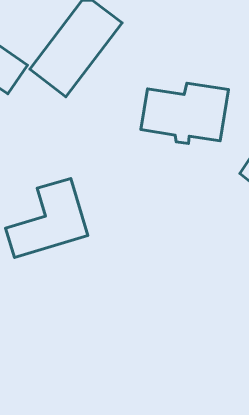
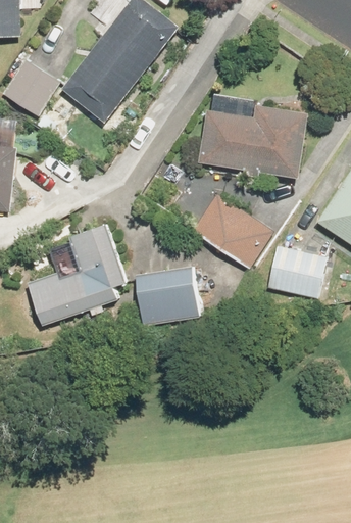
building: none -> [190,192,272,268]
building: none -> [269,248,330,297]
building: none -> [136,267,200,325]

